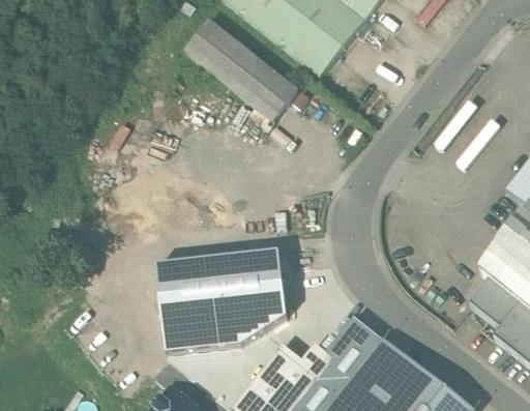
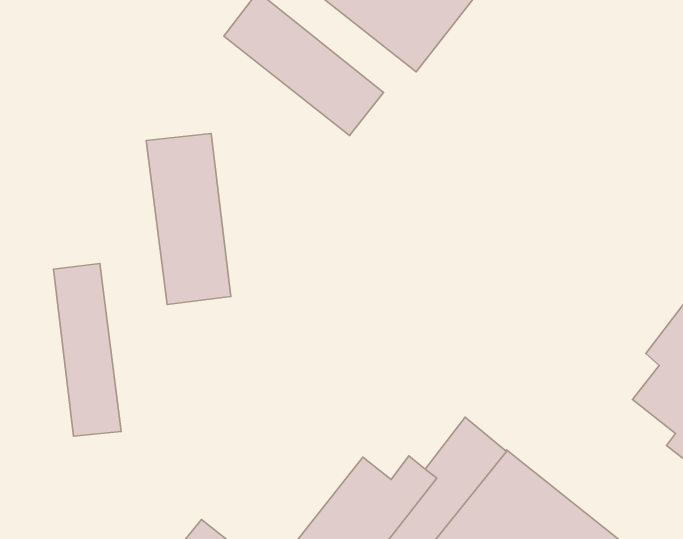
building: none -> [146,133,231,304]
building: none -> [53,263,121,436]
building: [155,252,287,356] -> none

